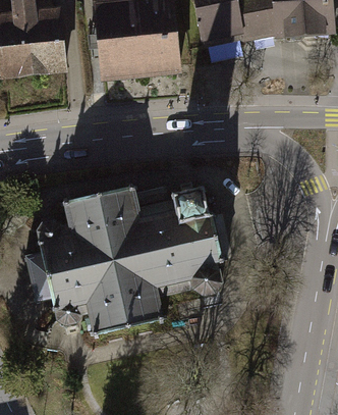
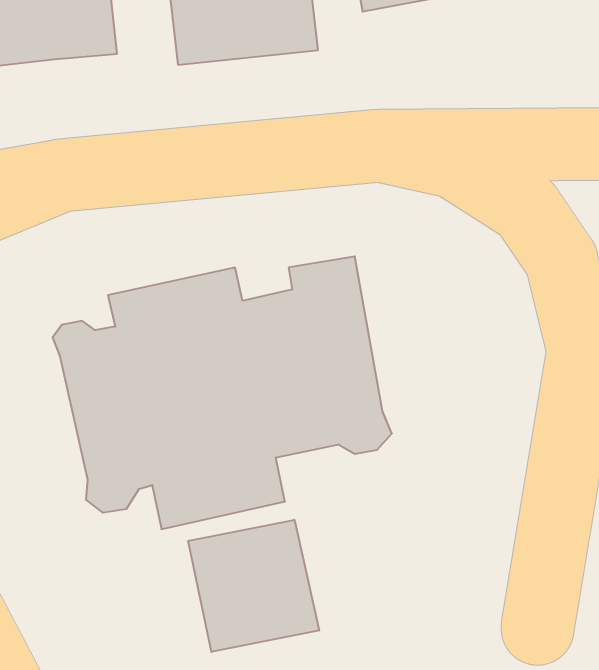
building: none -> [188,520,319,652]

